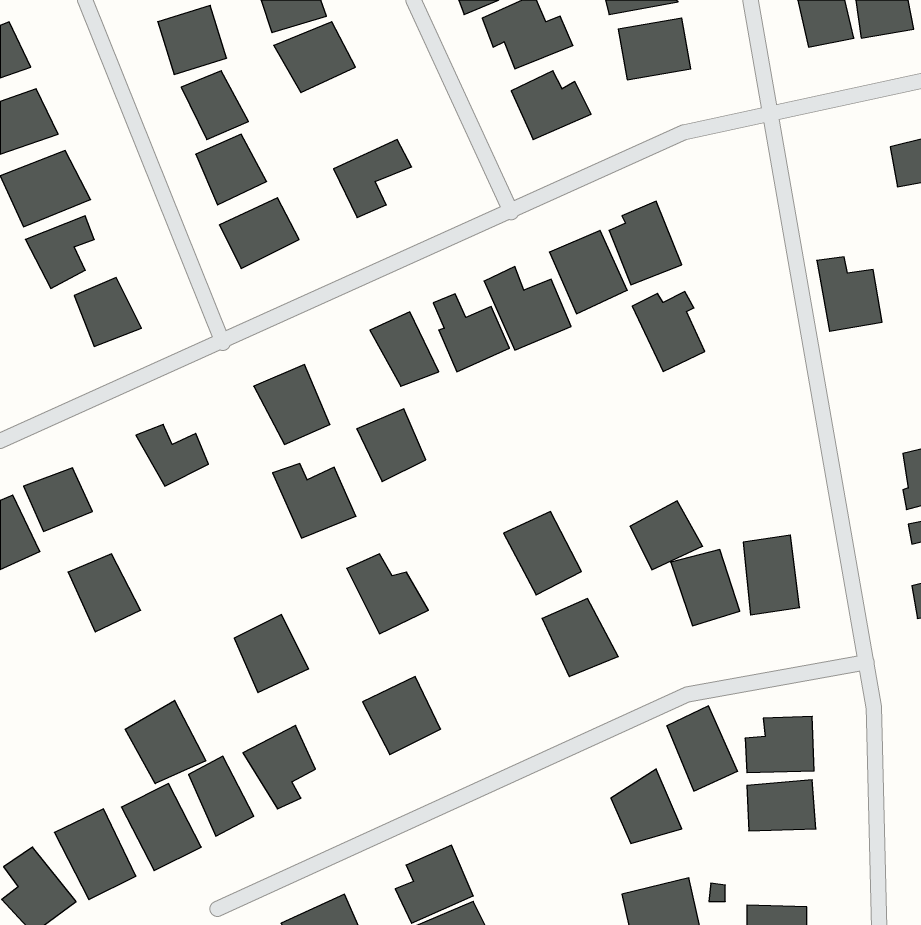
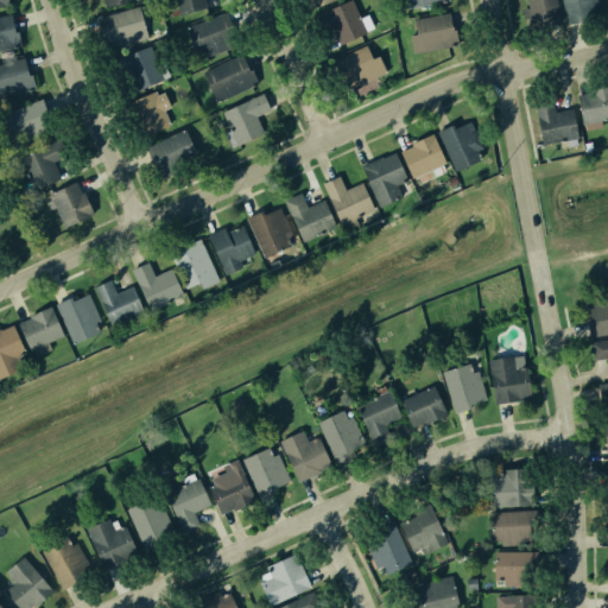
building: none -> [204,52,261,102]
building: [817,257,882,331] -> [536,100,578,148]
building: [632,292,705,371] -> [436,122,483,175]
building: [357,409,426,482] -> [208,221,253,268]
building: [273,464,356,538] -> [132,262,186,311]
building: [630,501,703,570] -> [403,384,450,429]
building: [504,512,581,595] -> [318,408,369,463]
building: [68,554,141,632] -> [58,291,106,342]
building: [347,554,428,634] -> [279,429,332,481]
building: [234,615,309,693] -> [204,458,253,509]
building: [125,700,206,784] -> none
building: [667,706,738,791] -> [368,521,414,577]
building: none -> [498,553,543,588]

